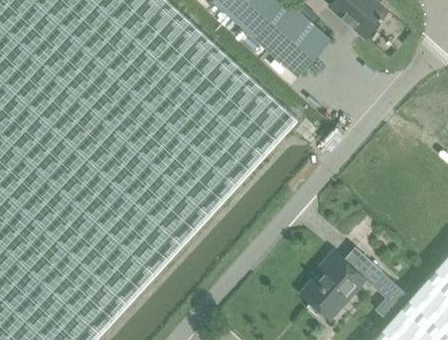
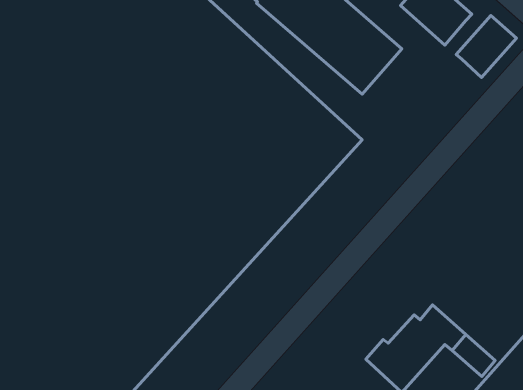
building: none -> [456,15,516,77]

